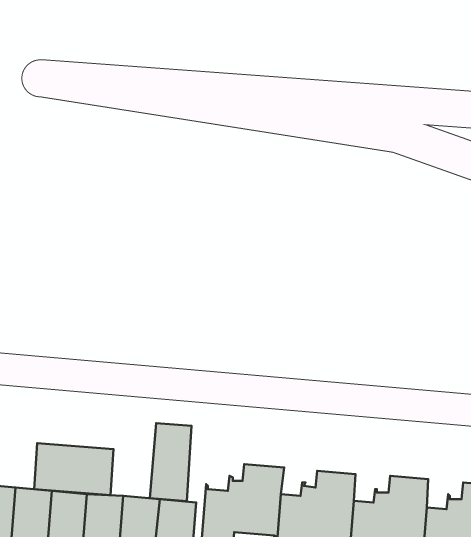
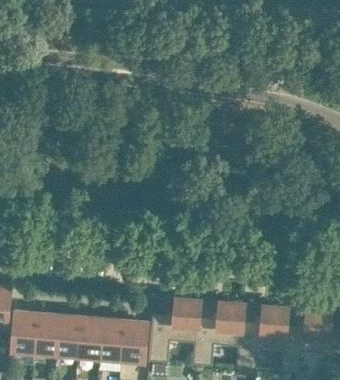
building: [150,423,192,501] -> none
building: [34,443,114,495] -> none

